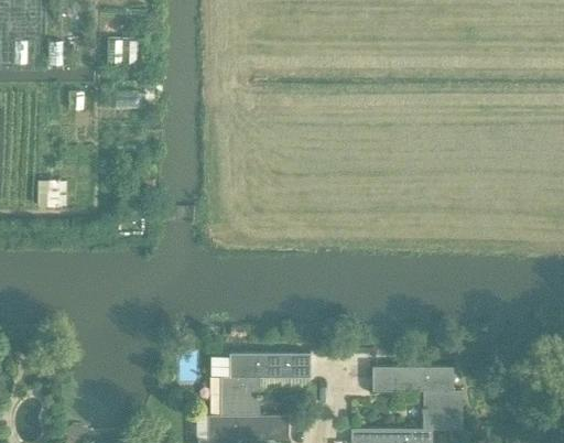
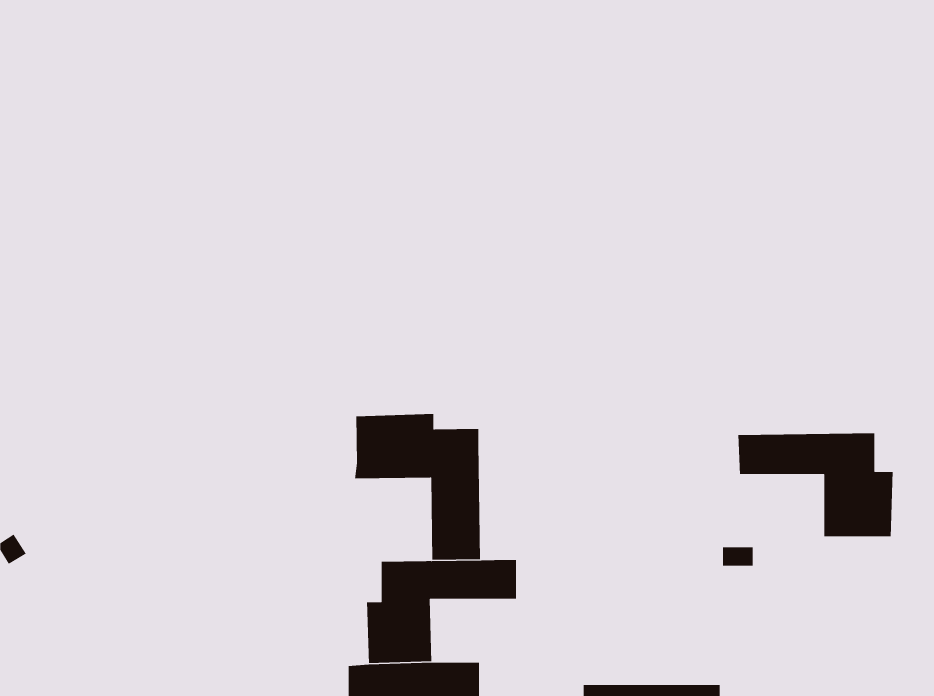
building: none -> [354,413,481,560]
building: [371,366,465,429] -> [737,433,893,537]

